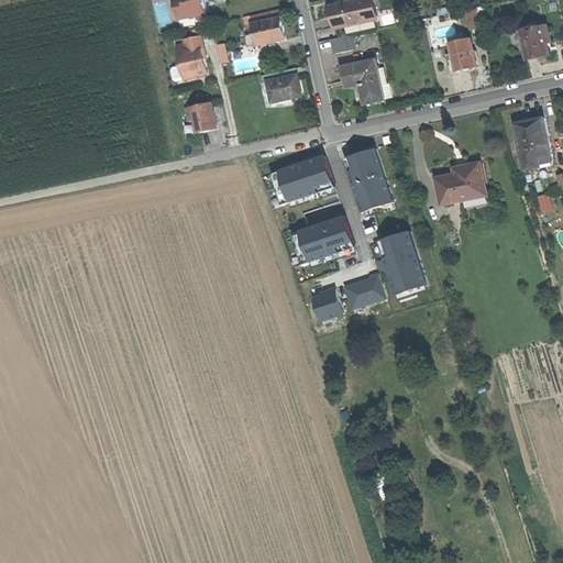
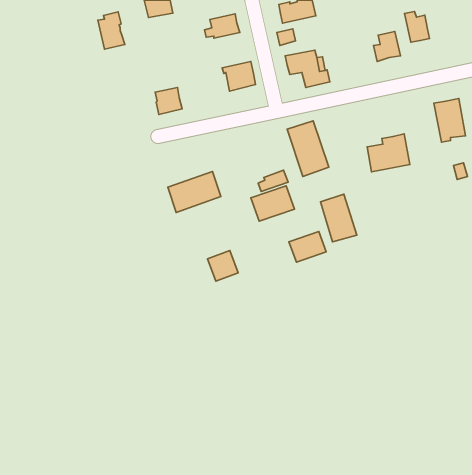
building: [517,22,547,58] -> [404,12,429,42]
building: [178,35,210,79] -> [98,12,125,49]
building: [267,153,330,201] -> [168,171,221,212]
building: [308,287,344,323] -> [208,250,238,281]

